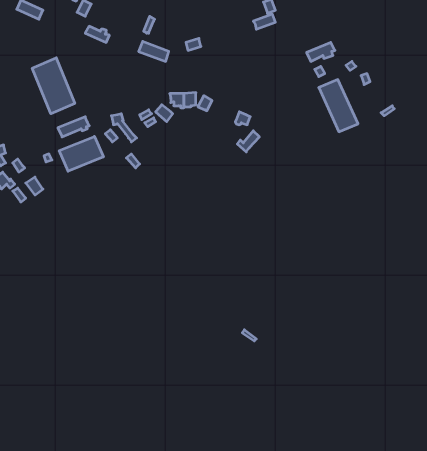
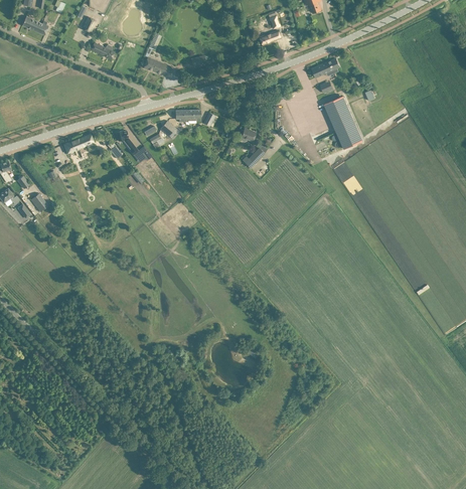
building: [32,58,75,114] -> none
building: [59,136,103,171] -> none

